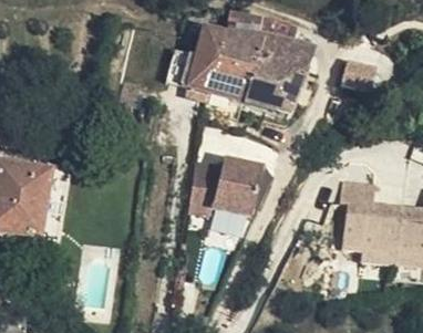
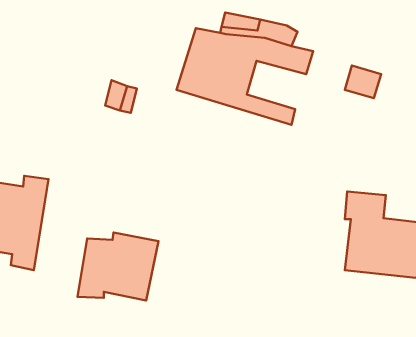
building: [250,58,305,102] -> none
building: [187,155,261,217] -> [77,233,158,300]

